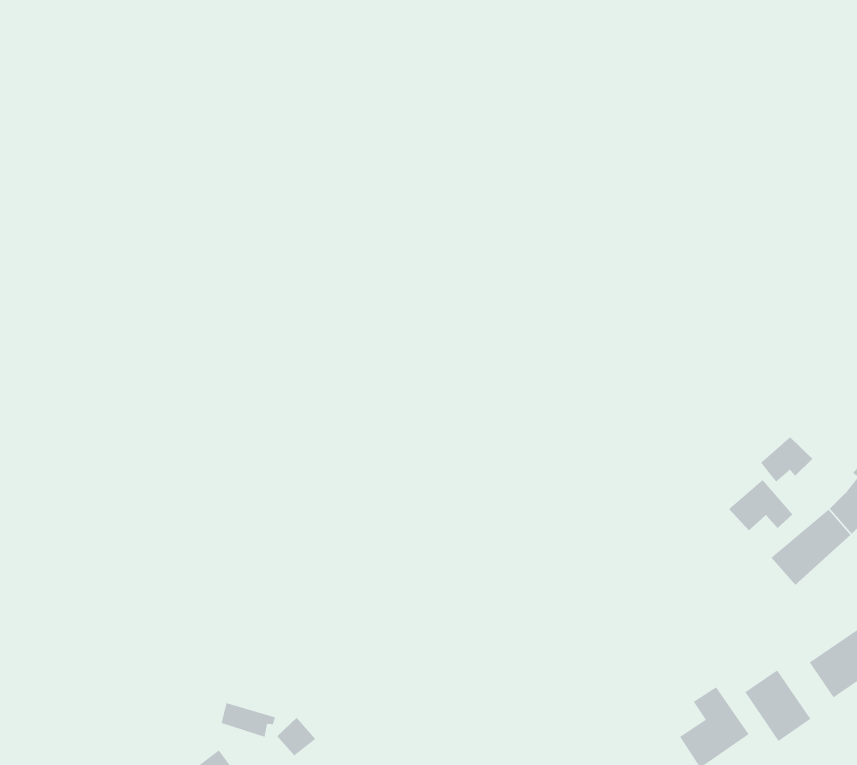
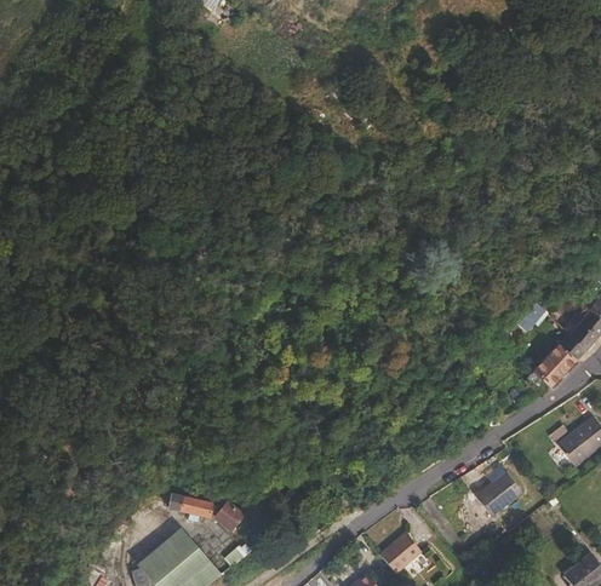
building: [728,479,793,531] -> none
building: [745,669,811,742] -> none

